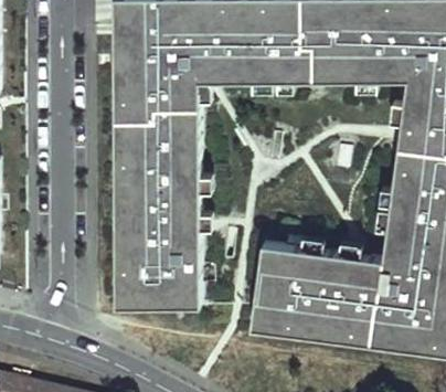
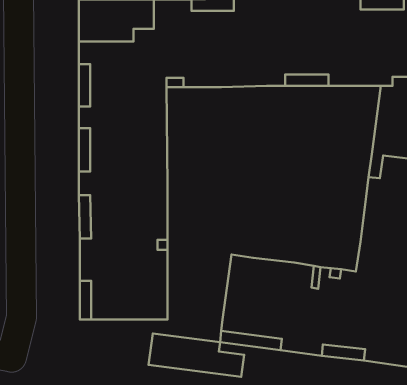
building: none -> [149,333,244,377]

